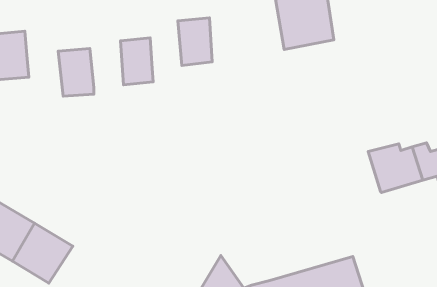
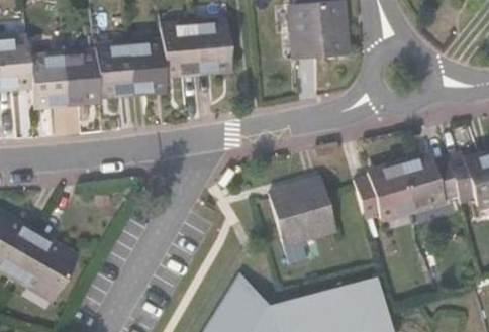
building: none -> [163,25,196,76]
building: none -> [99,46,134,96]
building: none -> [32,58,71,108]
building: none -> [350,163,406,217]
building: none -> [267,174,331,242]

